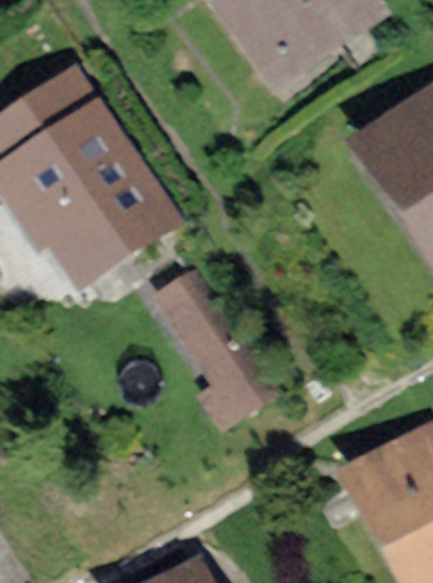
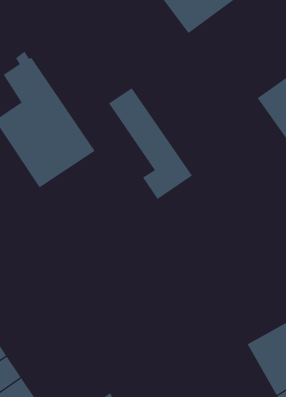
building: [163,277,276,428] -> [108,87,193,200]

